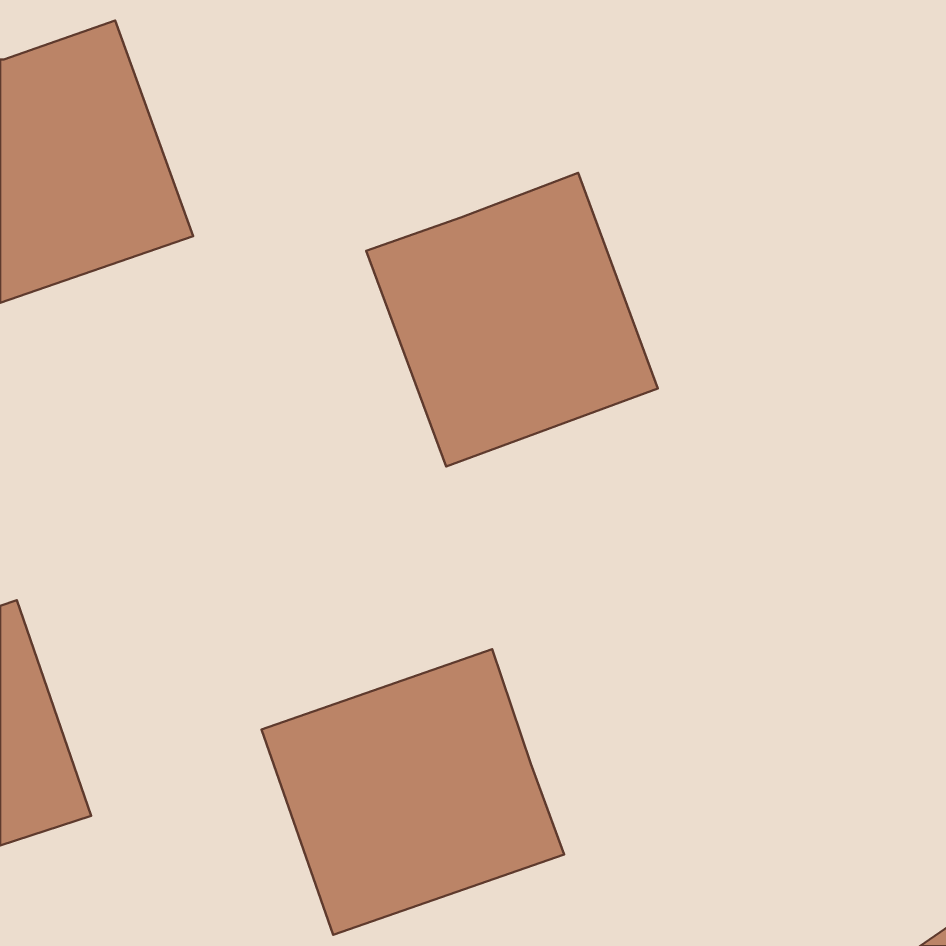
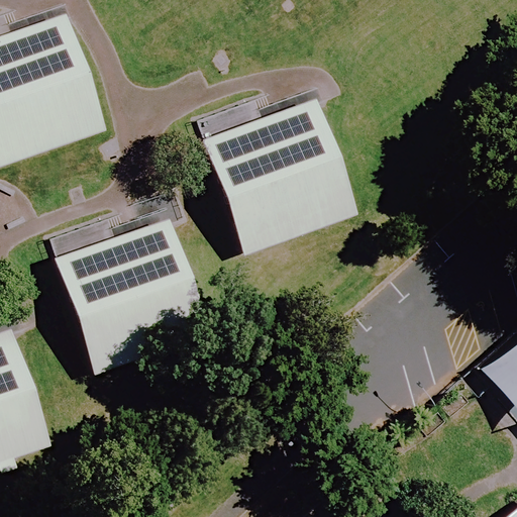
building: none -> [51,215,212,373]
building: [261,649,564,935] -> none

